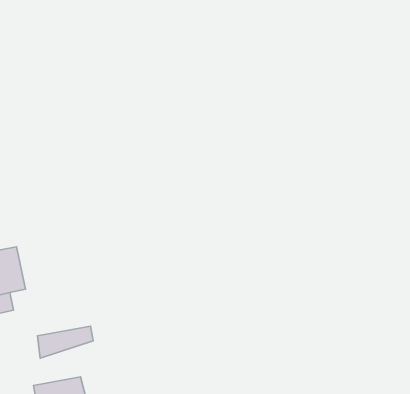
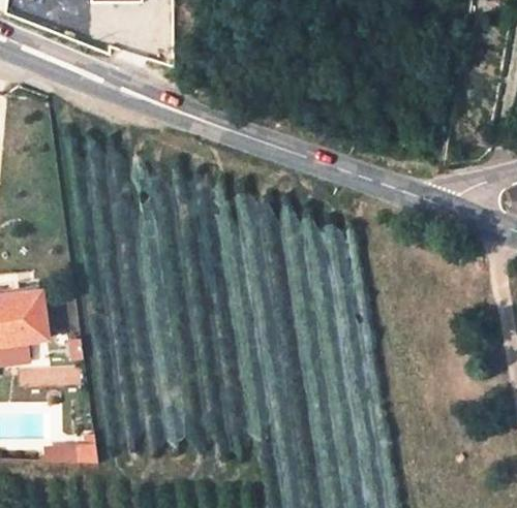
building: [37,326,93,358] -> none

